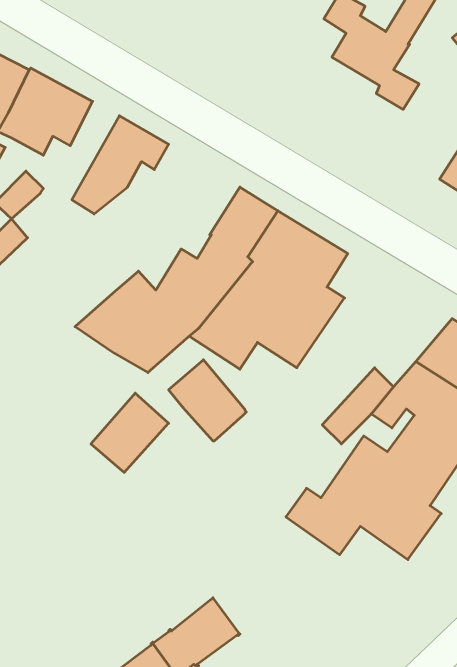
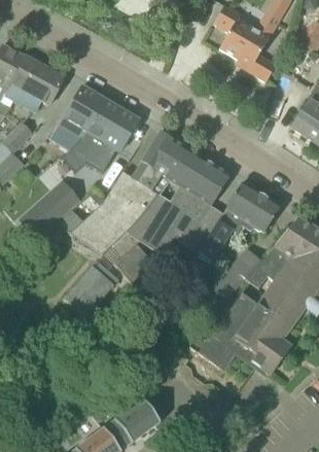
building: none -> [58,103,139,176]
building: none -> [21,181,78,236]
building: none -> [196,181,280,259]

